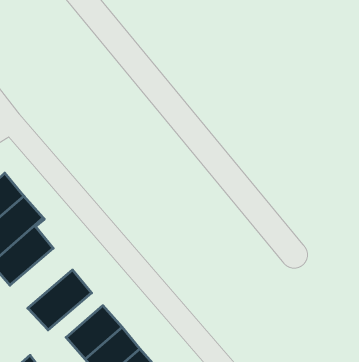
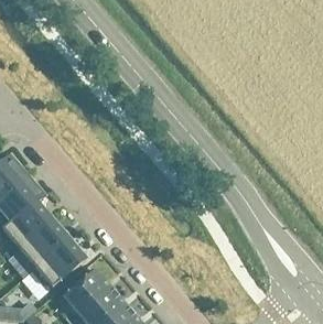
building: none -> [15,219,69,271]

